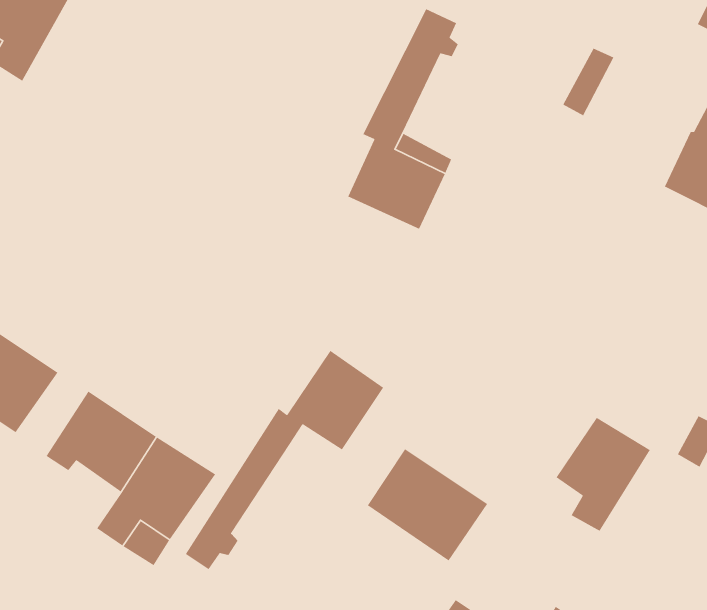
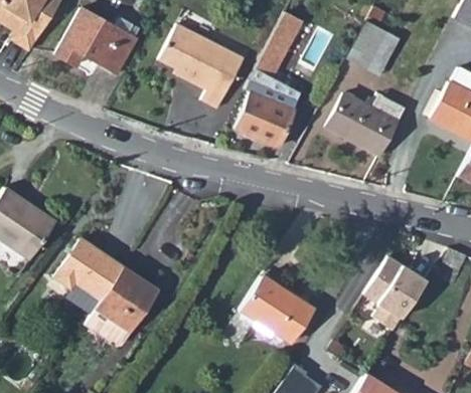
building: none -> [58,8,140,76]
building: none -> [345,19,386,66]
building: none -> [162,22,243,105]
building: none -> [326,90,406,153]
building: [185,350,384,570] -> none

